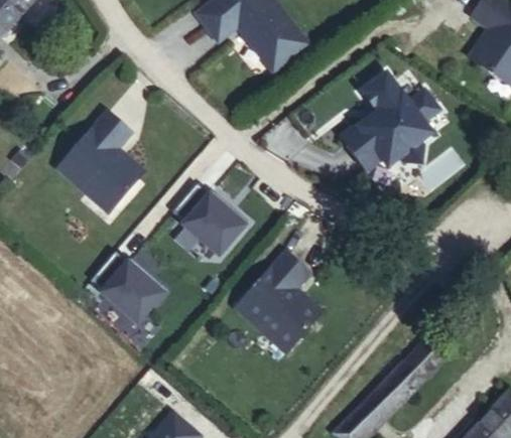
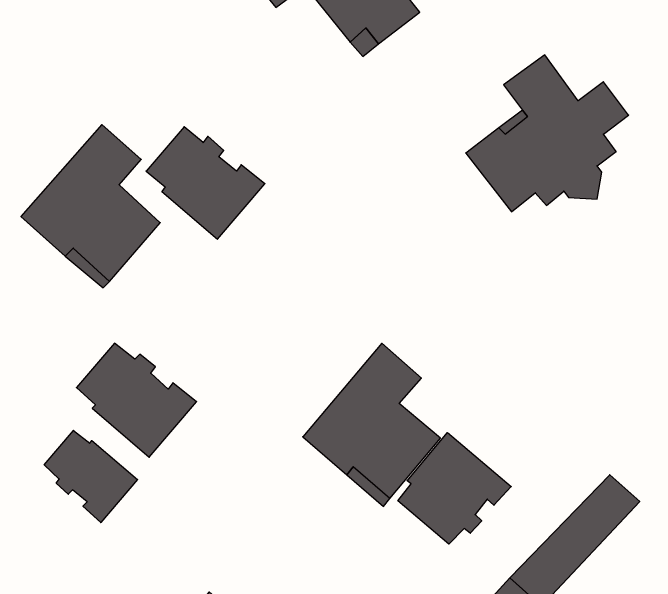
building: [168,189,244,261] -> [146,127,265,239]
building: none -> [44,430,138,523]
building: none -> [398,433,511,544]

